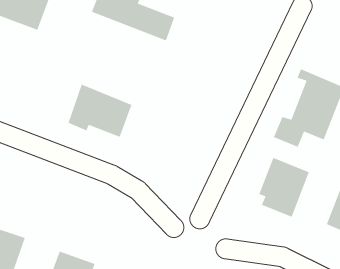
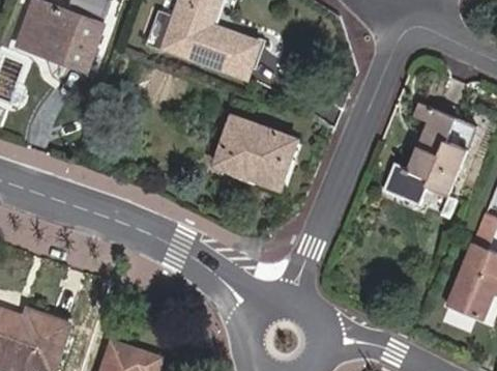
building: [67,83,132,138] -> [212,114,295,183]
building: [258,157,310,218] -> none

